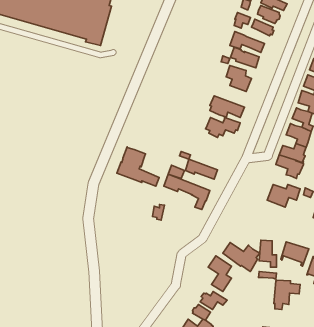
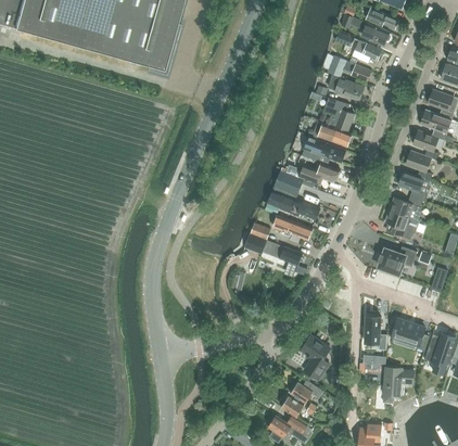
building: none -> [306,122,351,146]
building: [117,147,159,186] -> [266,170,319,219]
building: [223,242,260,271] -> none

